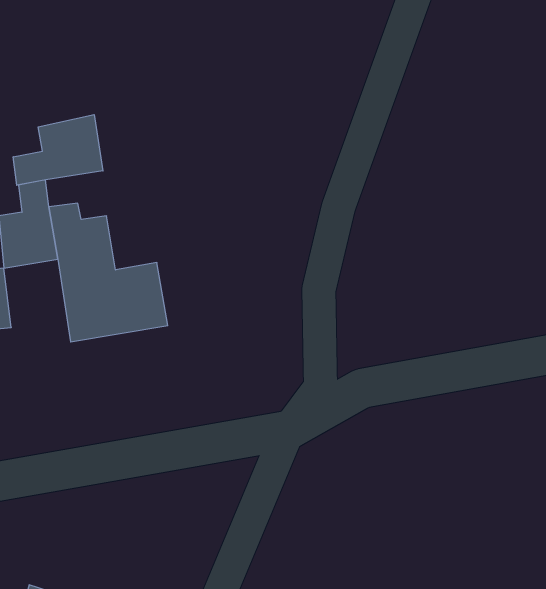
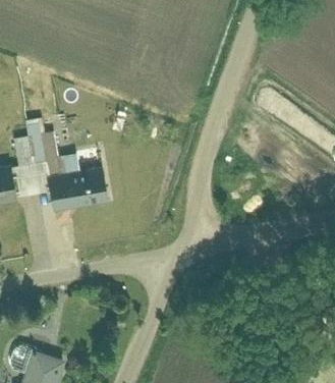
building: [13,115,103,185] -> none

